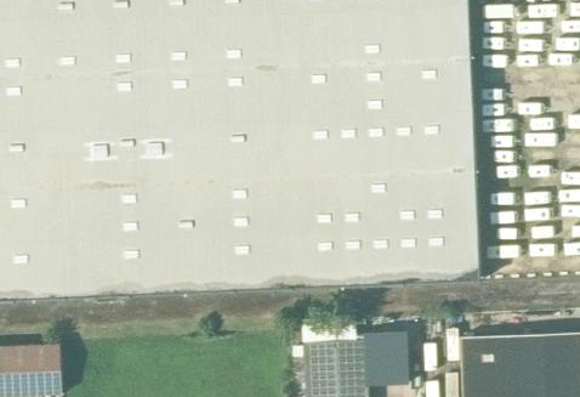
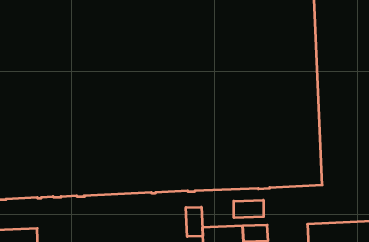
building: none -> [234,200,264,218]
building: none -> [186,207,203,237]

